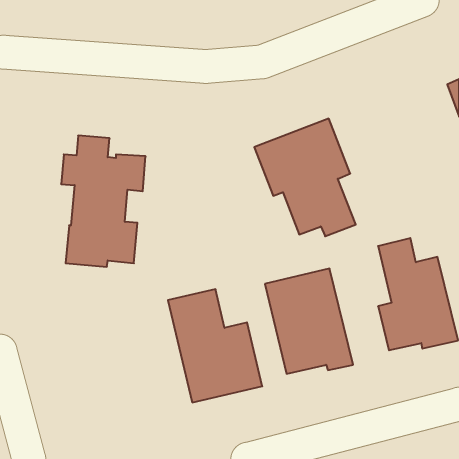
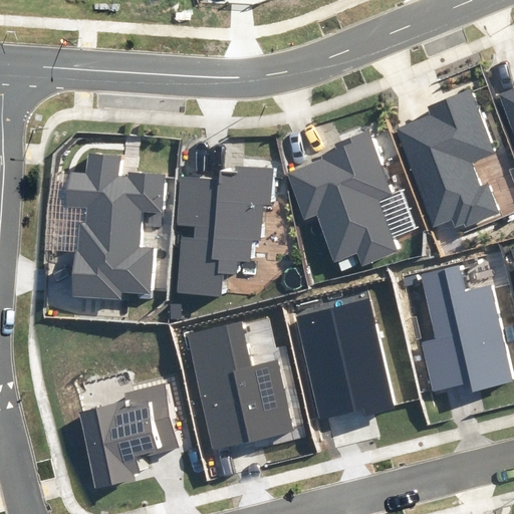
building: none -> [398,91,499,229]
building: none -> [176,166,272,296]
building: none -> [78,384,180,488]

